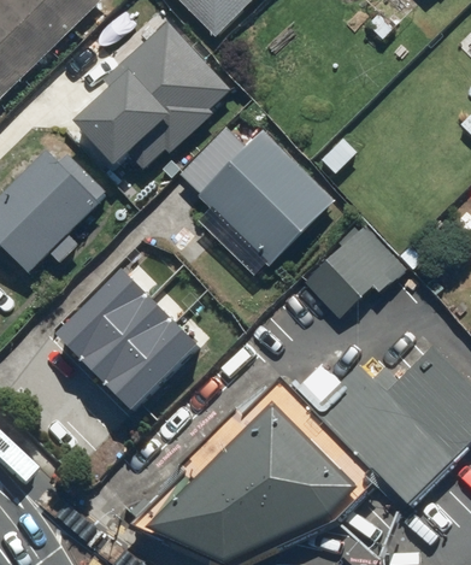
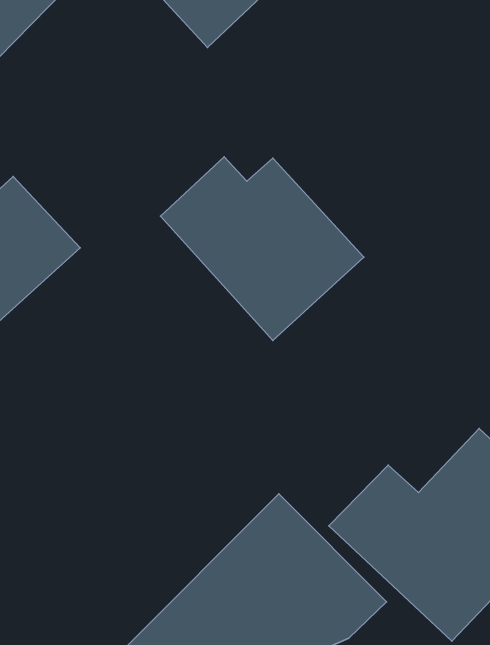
building: [93,17,237,172] -> none
building: [301,224,407,320] -> none
building: [82,269,190,387] -> none

